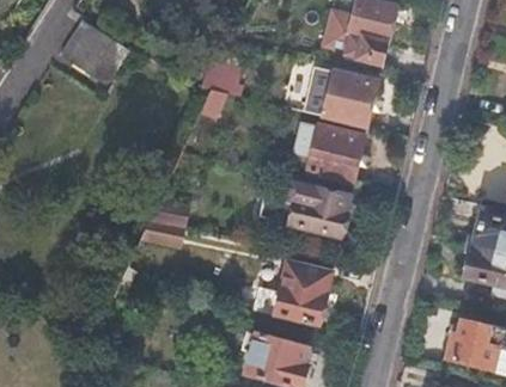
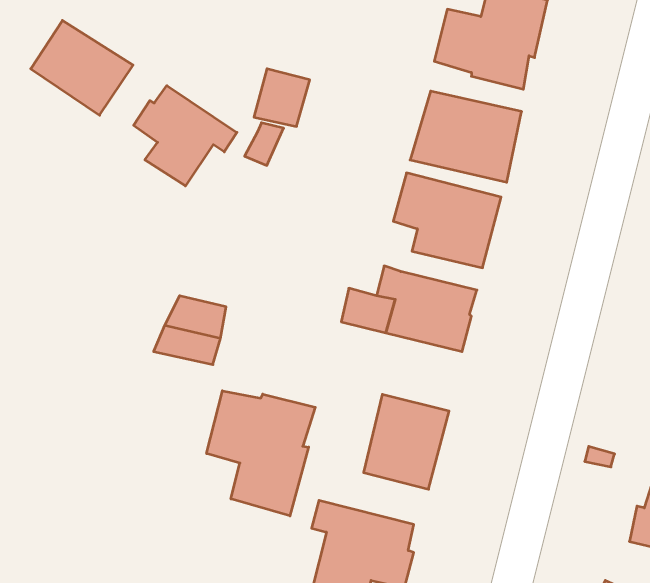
building: none -> [134,86,237,186]
building: none -> [207,391,315,516]

